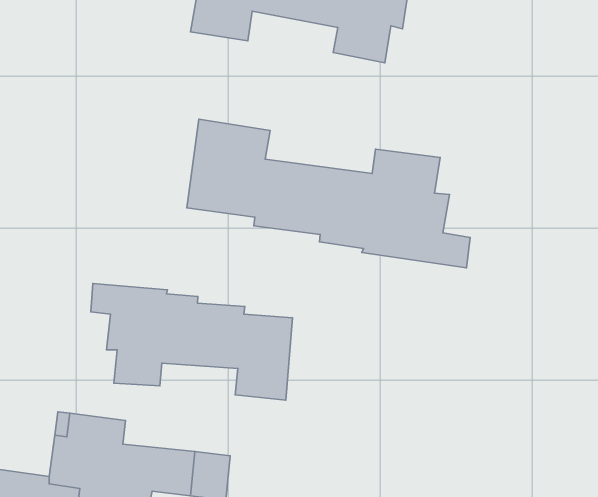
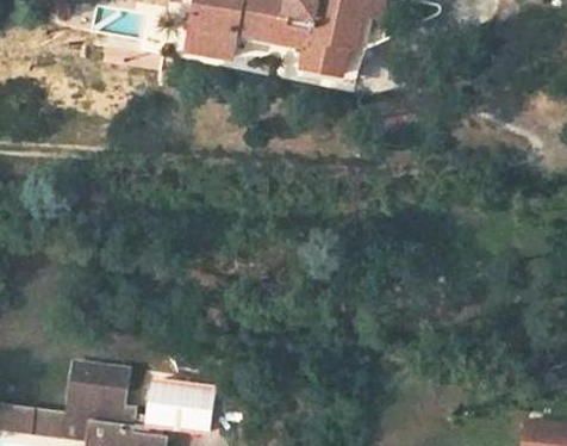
building: [187,119,470,268] -> none
building: [91,284,293,400] -> none

